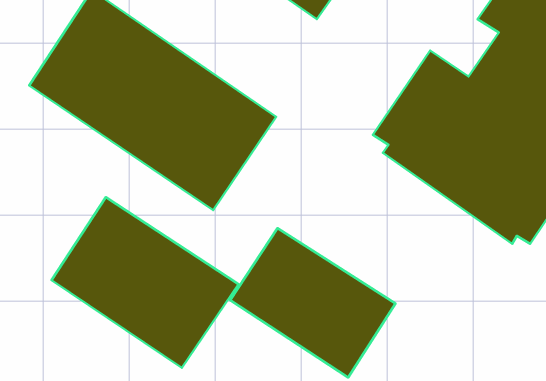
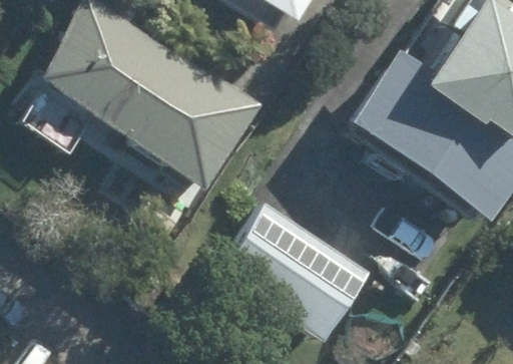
building: [52,197,238,368] -> none

